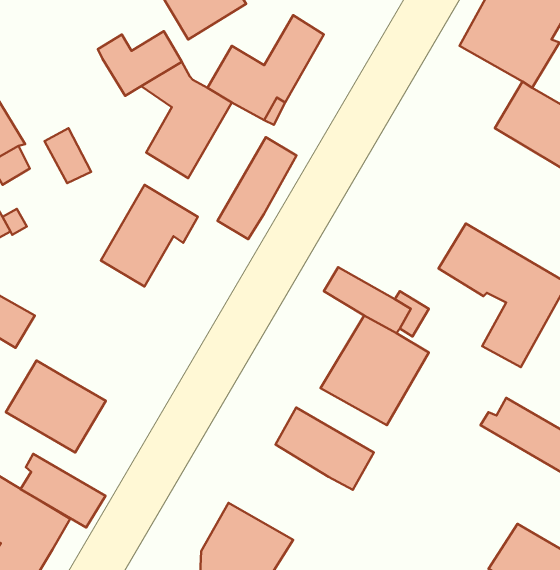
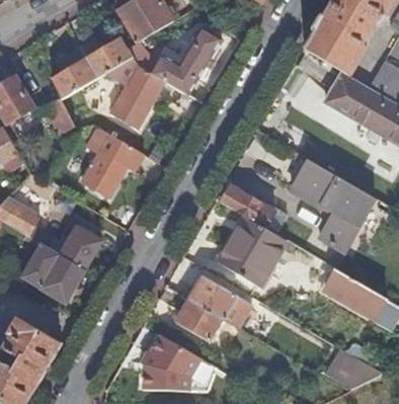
building: none -> [51,50,96,99]
building: [218,137,297,239] -> none
building: none -> [60,227,101,270]
building: none -> [176,298,224,340]
building: [21,454,105,527] -> none

